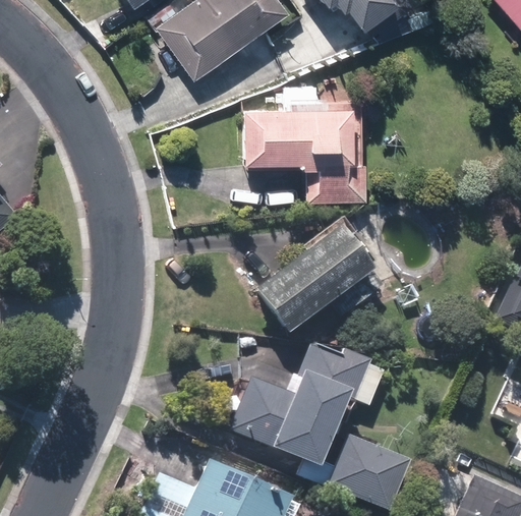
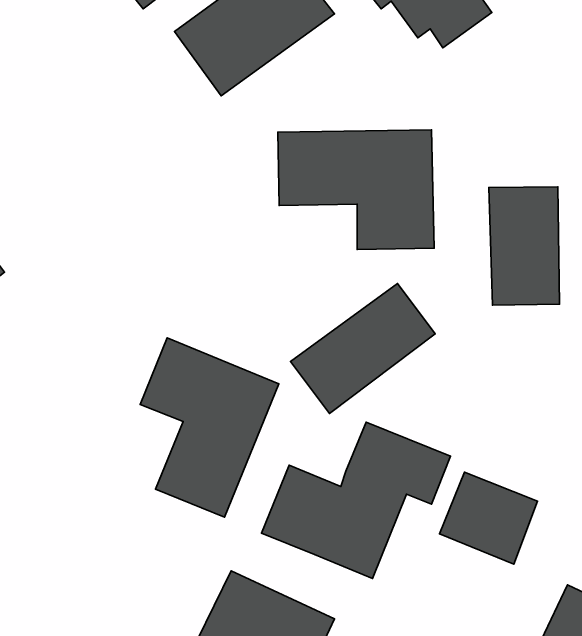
building: none -> [489,187,560,305]
building: none -> [140,338,279,517]
building: [331,436,410,510] -> [439,472,538,564]

